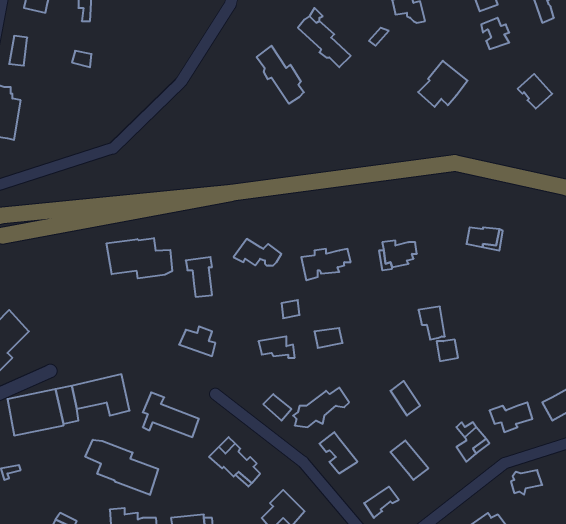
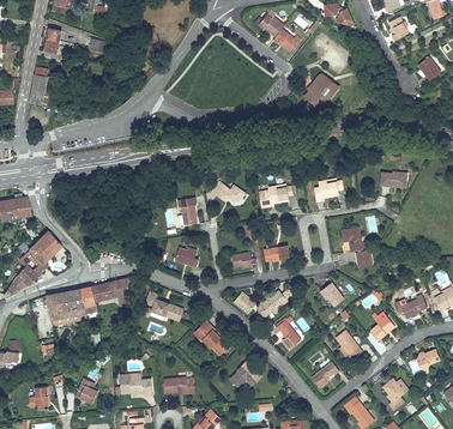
building: [257,46,304,104] -> none
building: [418,61,468,107] -> [301,77,337,110]
building: [107,238,172,278] -> none
building: [85,440,158,495] -> none

